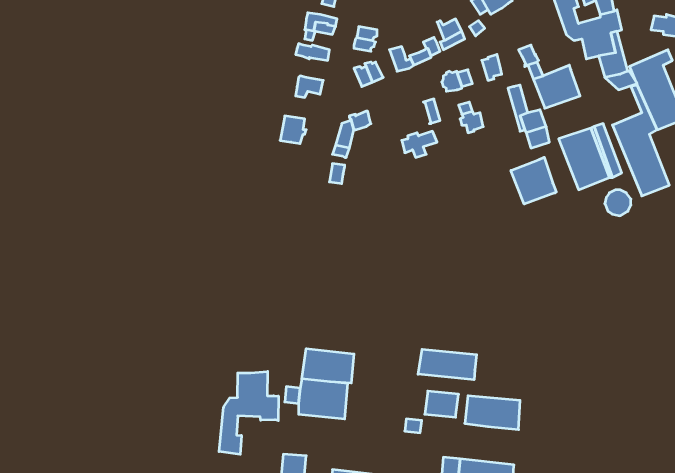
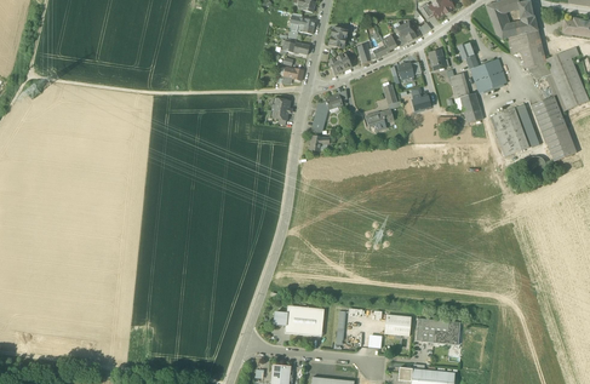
building: [511,157,556,204] -> none
building: [302,349,354,383] -> none
building: [418,349,477,380] -> none
building: [219,371,278,454] -> none

